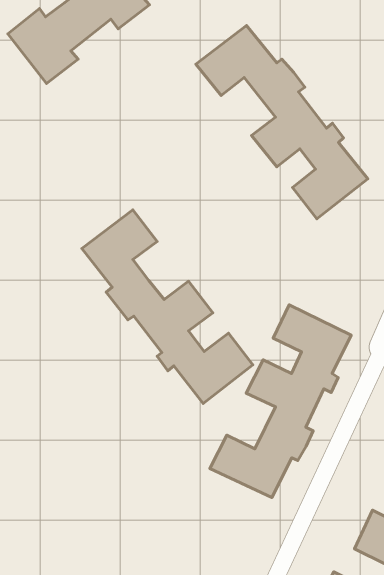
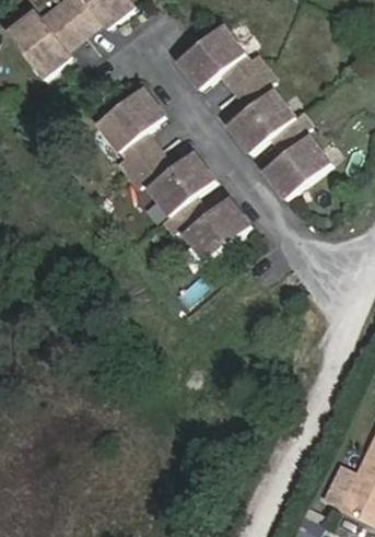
building: [82,210,253,403] -> [97,87,251,262]
building: [210,305,351,498] -> none

